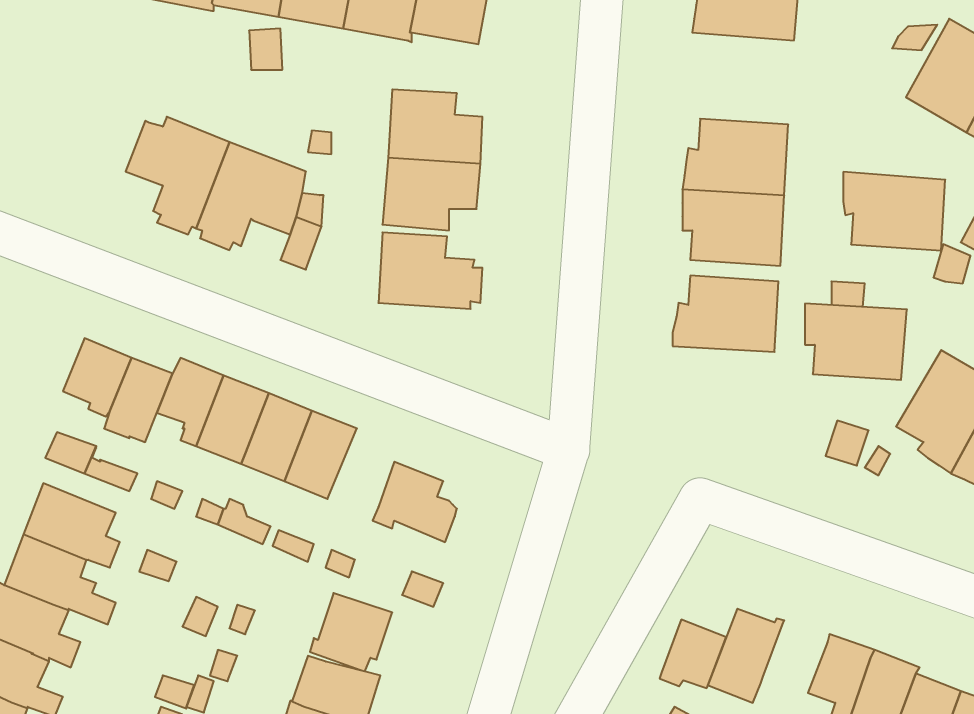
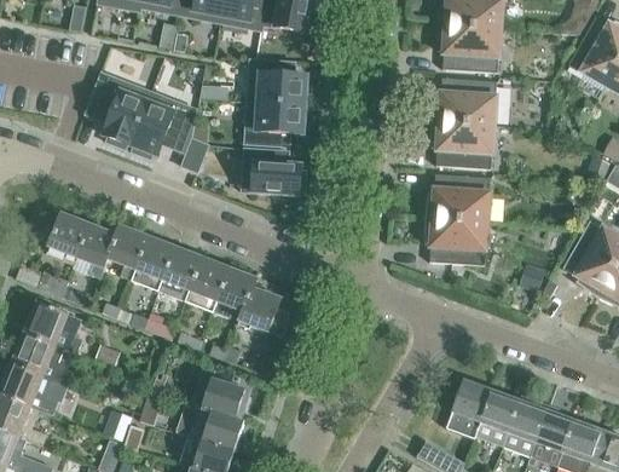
building: [843,172,945,250] -> [436,24,499,73]
building: [805,304,907,380] -> [424,218,487,265]
building: none -> [212,269,256,318]
building: [660,620,726,688] -> [479,390,520,432]

